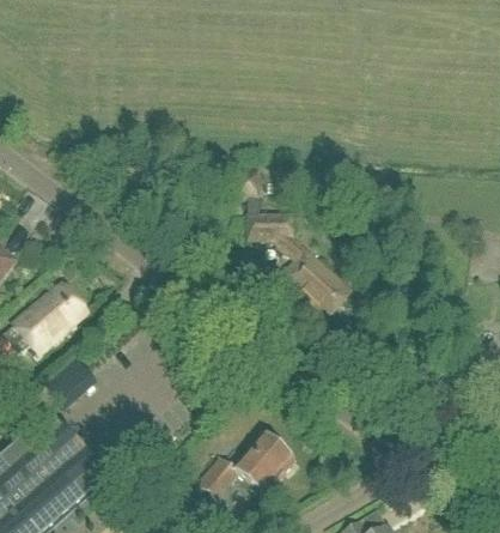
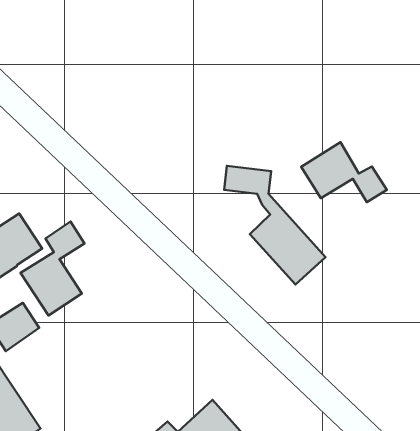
building: none -> [301,142,387,202]
building: none -> [21,222,84,315]

